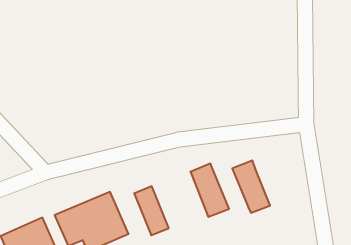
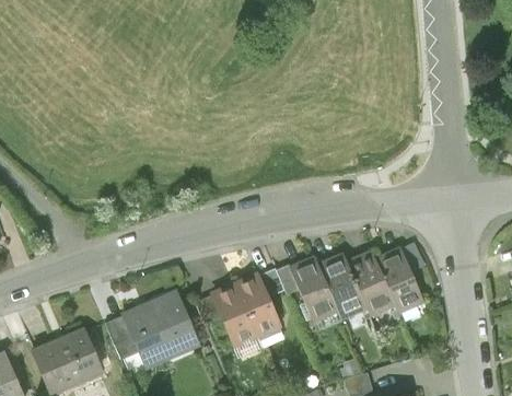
building: none -> [316,248,365,321]
building: none -> [375,248,424,315]
building: none -> [234,272,282,339]

